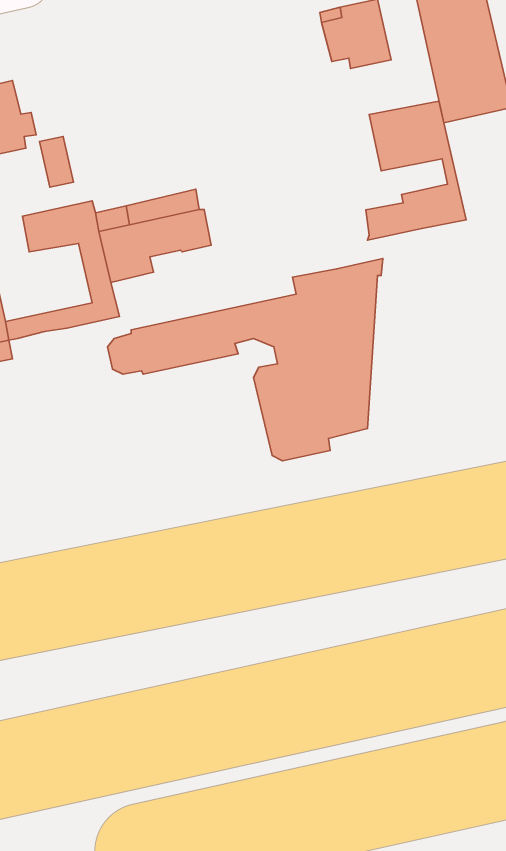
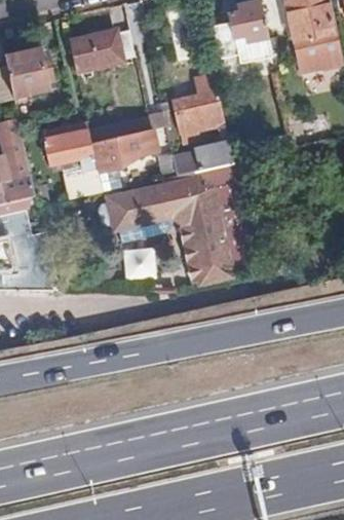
building: none -> [70,30,137,68]
building: [366,101,466,240] -> [175,91,235,176]
building: none -> [122,245,154,276]

